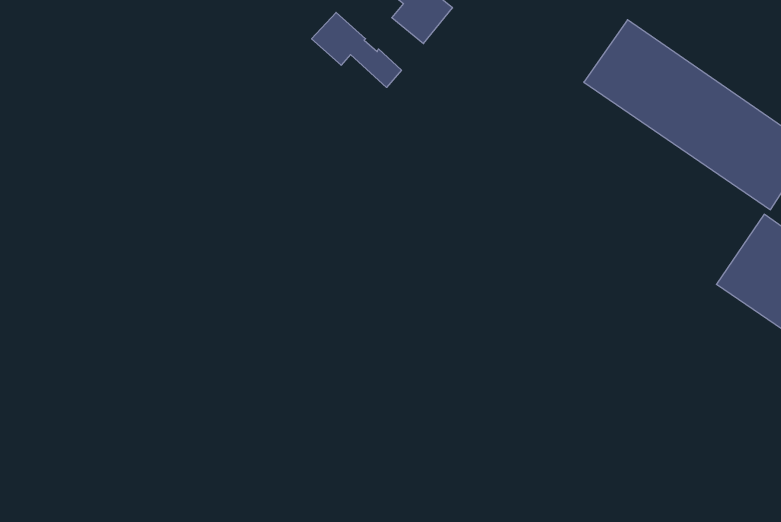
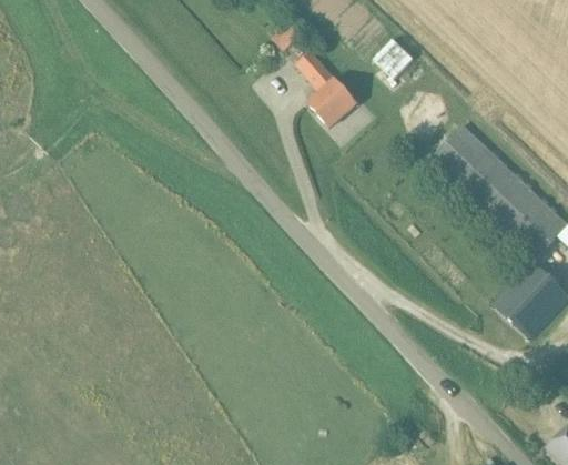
building: [312,12,401,87] -> none

